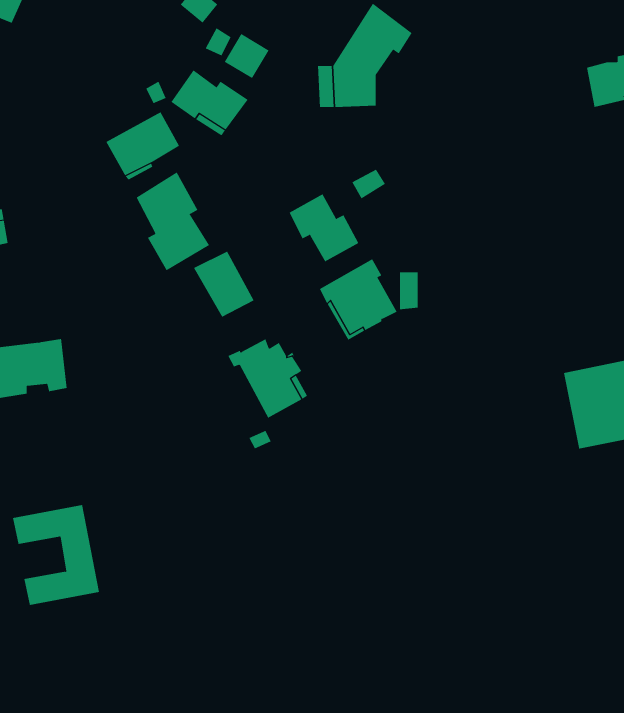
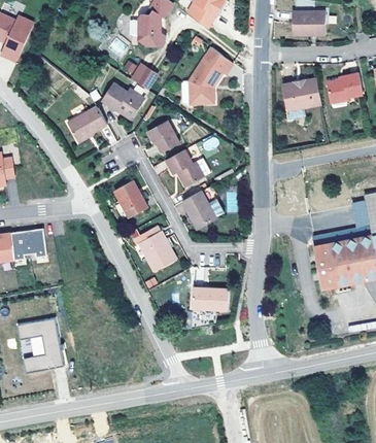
building: none -> [282,78,321,109]
building: none -> [148,120,179,151]
building: [136,172,210,271] -> none
building: none -> [191,286,229,329]

